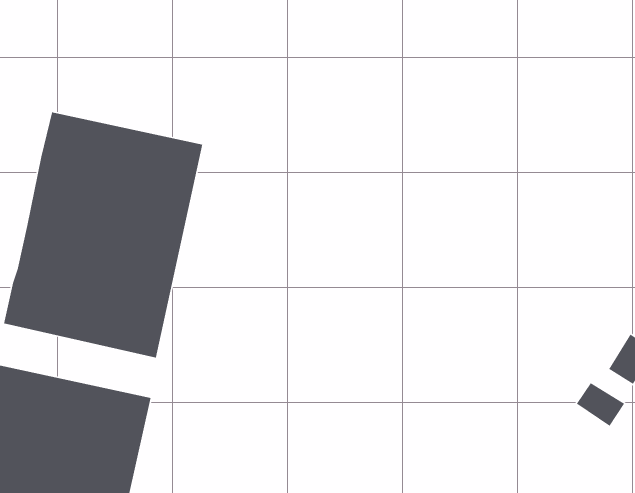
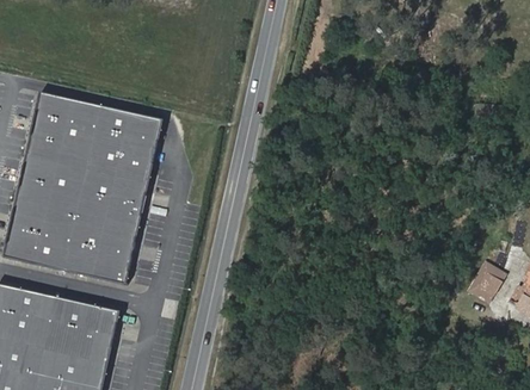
building: [576,382,625,427] -> none

